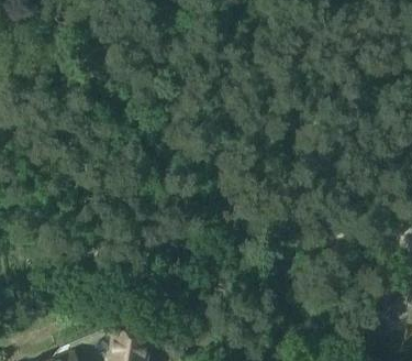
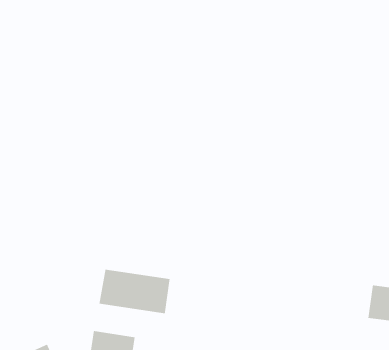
building: none -> [99,269,170,314]

